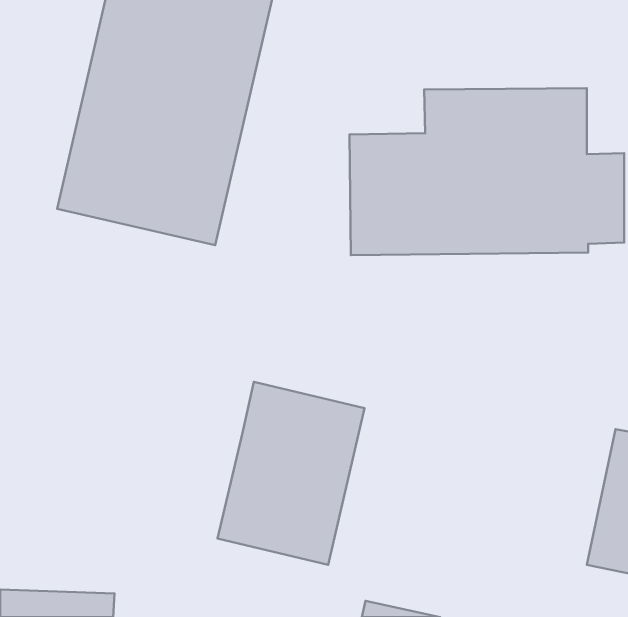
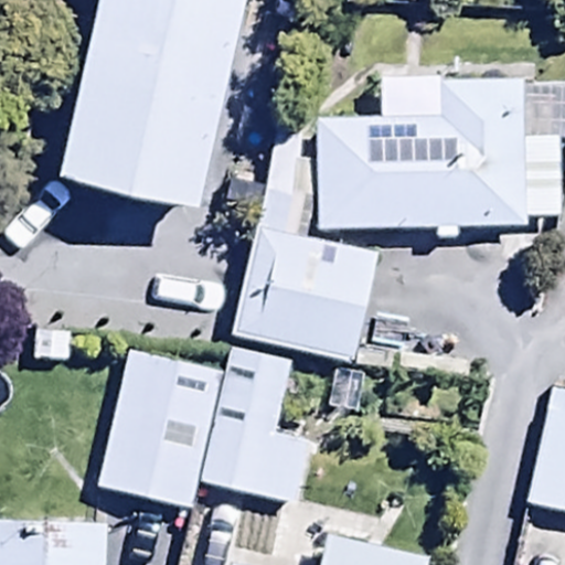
building: none -> [233,221,375,359]
building: none -> [97,362,222,512]

